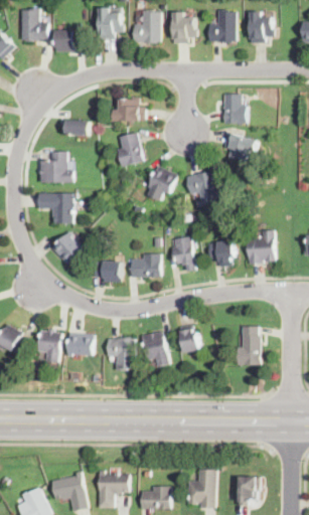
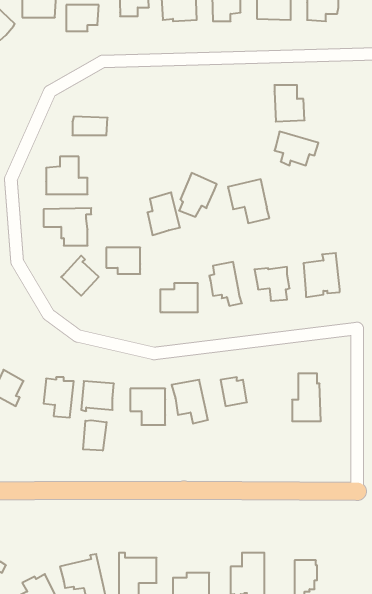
building: [113,97,144,121] -> none
building: [117,133,143,167] -> [147,192,180,235]
building: [94,261,121,282] -> [106,248,140,274]
building: none -> [83,420,107,451]

